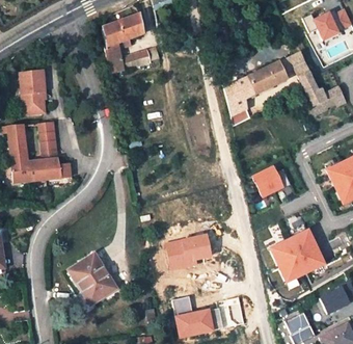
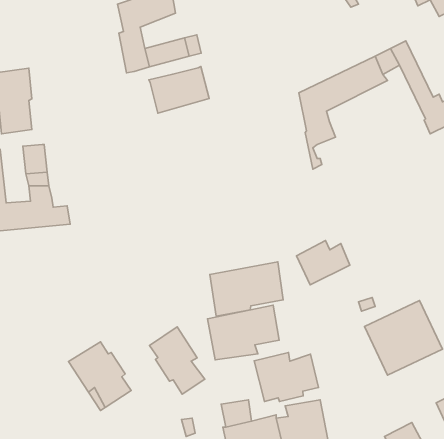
building: none -> [149,66,209,113]
building: [254,164,291,194] -> [296,241,350,285]
building: none -> [210,262,283,316]
building: none -> [150,327,205,394]
building: none -> [254,353,319,402]

